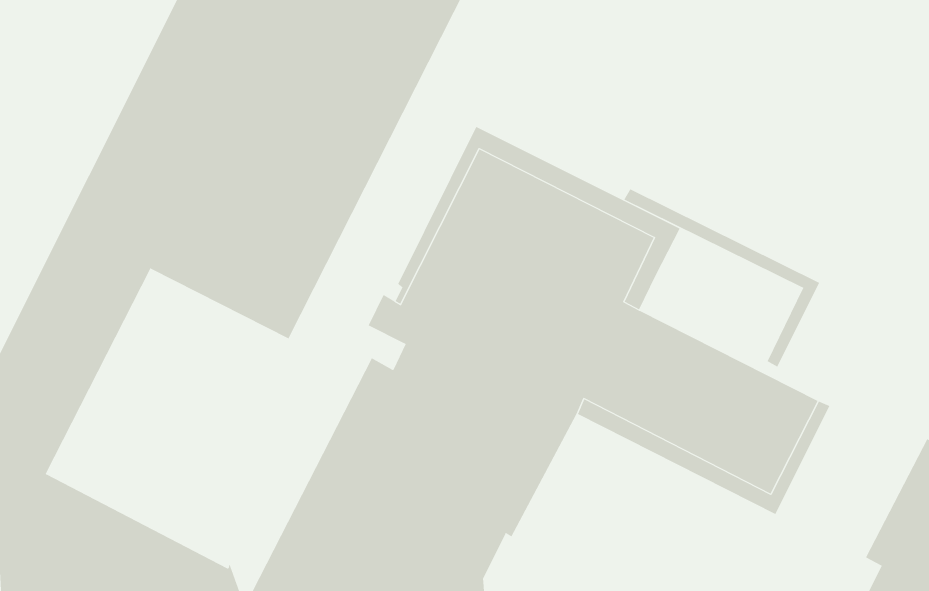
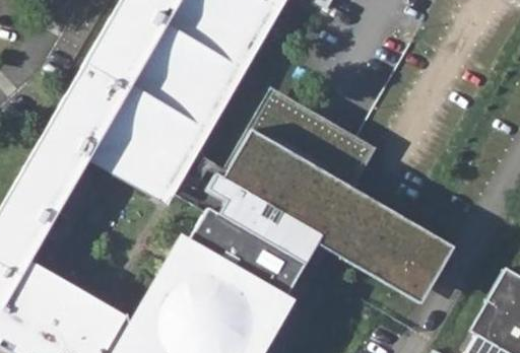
building: [623,189,820,367] -> none

